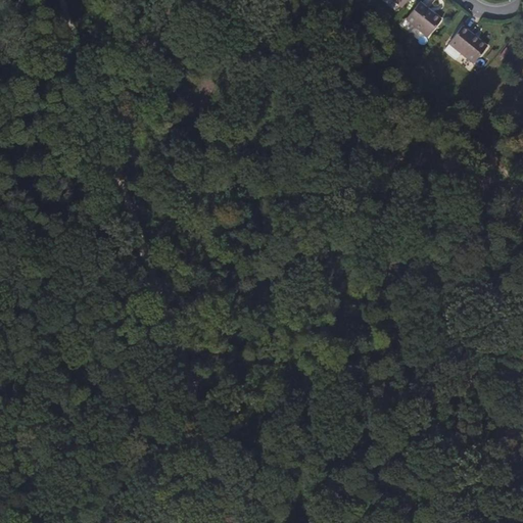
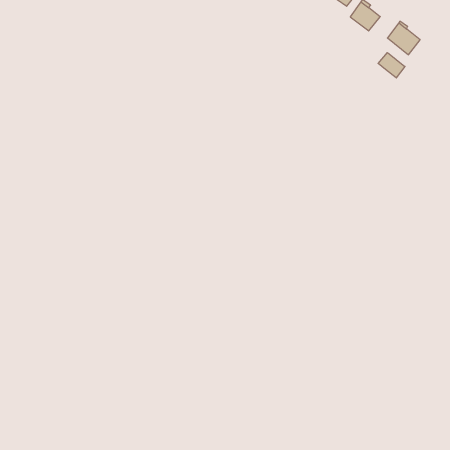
building: none -> [378,53,405,78]

